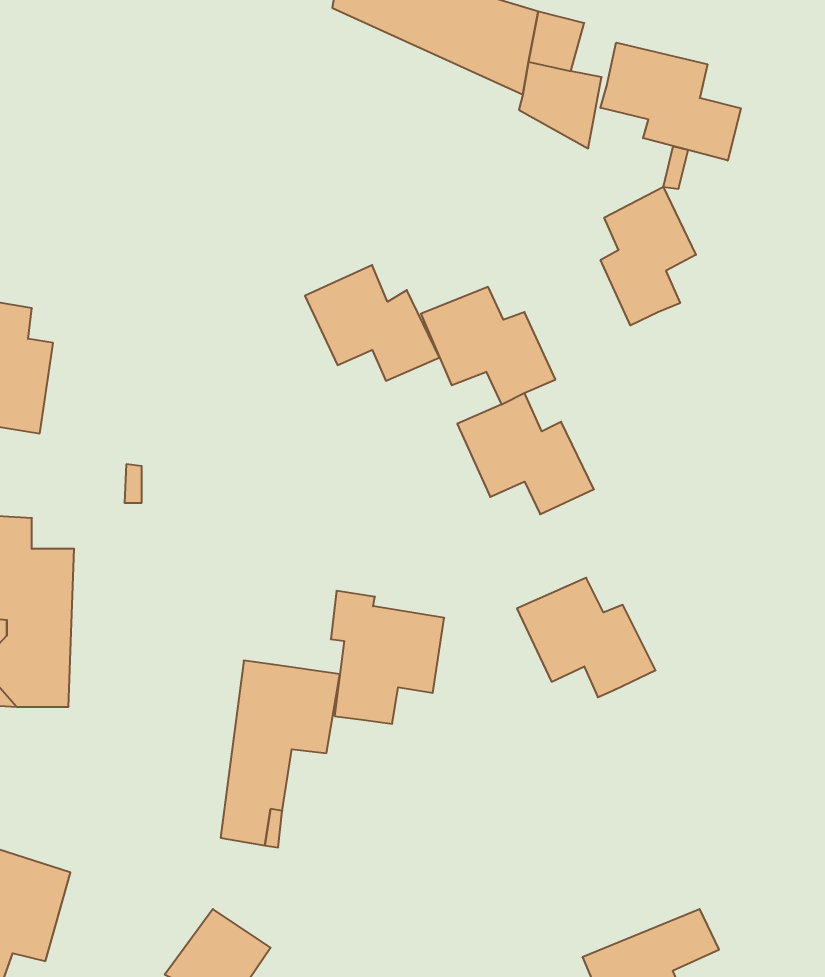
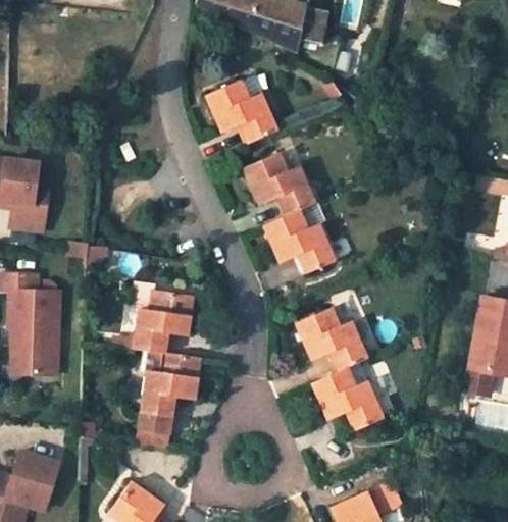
building: [600,43,741,161] -> none
building: [601,187,696,325] -> none
building: [305,265,440,381] -> [206,80,277,141]
building: [331,591,444,724] -> [133,282,193,353]
building: none -> [310,366,383,431]

